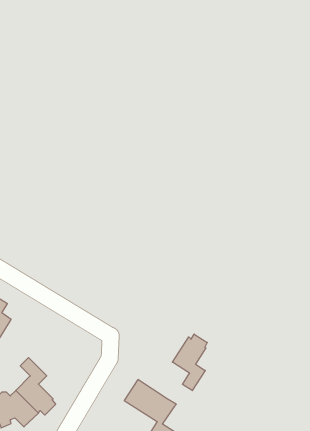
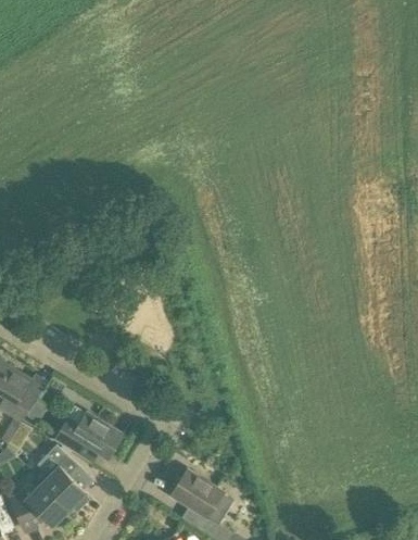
building: none -> [53,415,119,459]
building: [172,334,207,391] -> none

